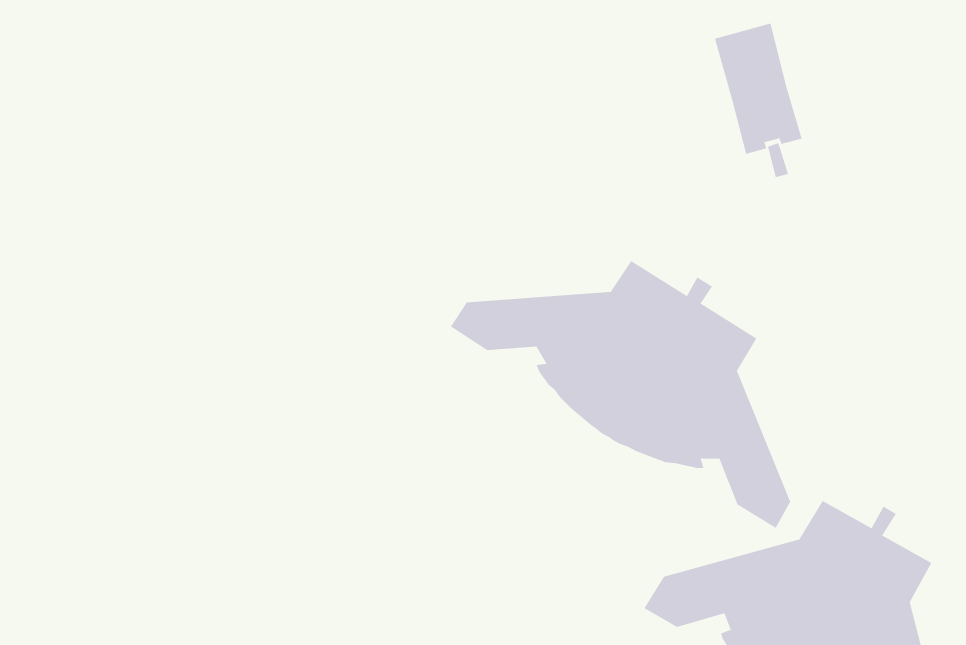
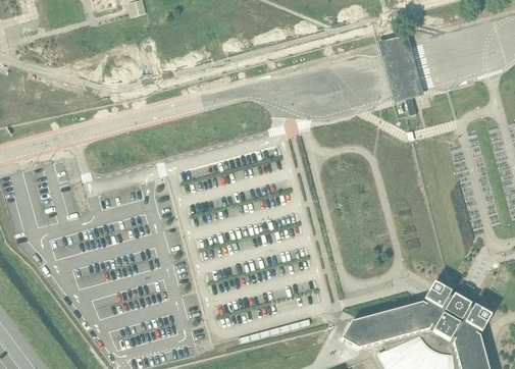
building: [450,260,791,529] -> none

